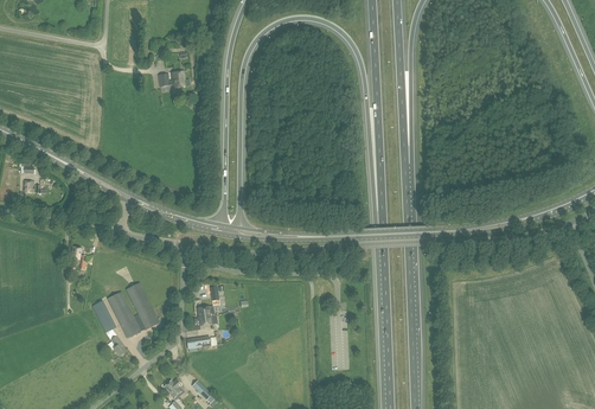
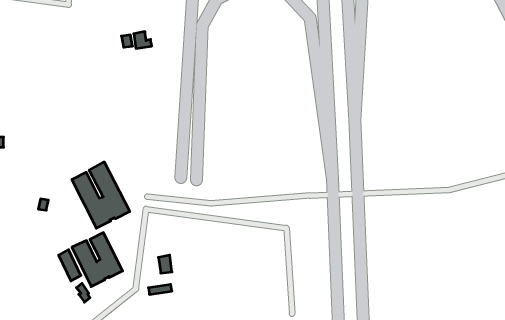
building: none -> [72,162,130,228]

